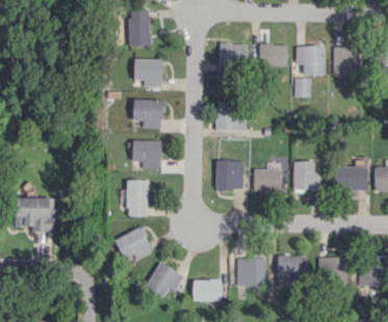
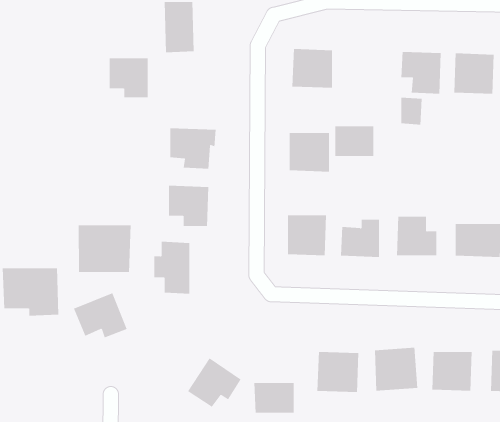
building: [260,45,288,66] -> [334,126,374,157]
building: [134,59,162,87] -> [109,58,148,98]
building: none -> [78,224,131,273]
building: [114,227,153,260] -> [73,292,128,338]

